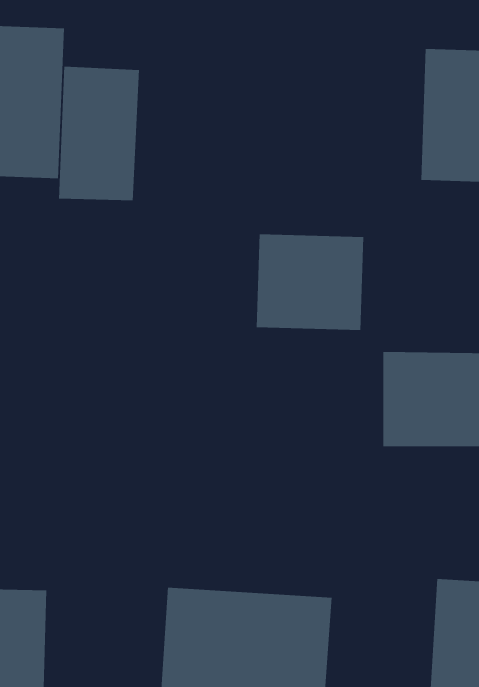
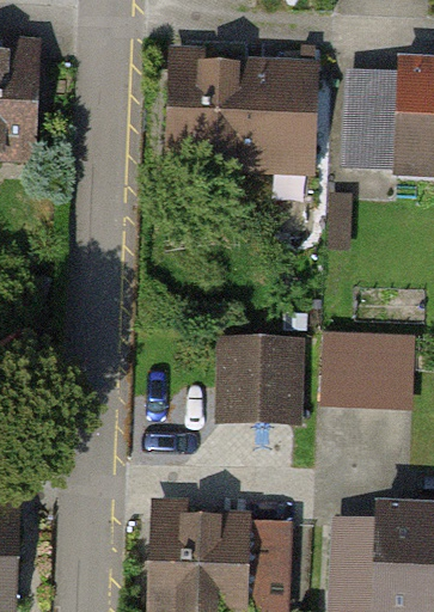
building: none -> [158,54,312,161]
building: [58,66,139,201] -> none
building: [256,234,364,331] -> [209,336,298,415]

